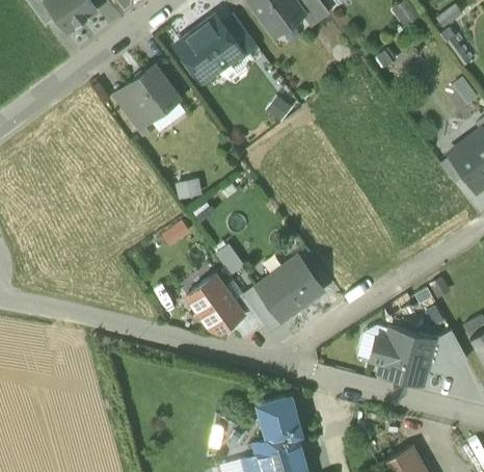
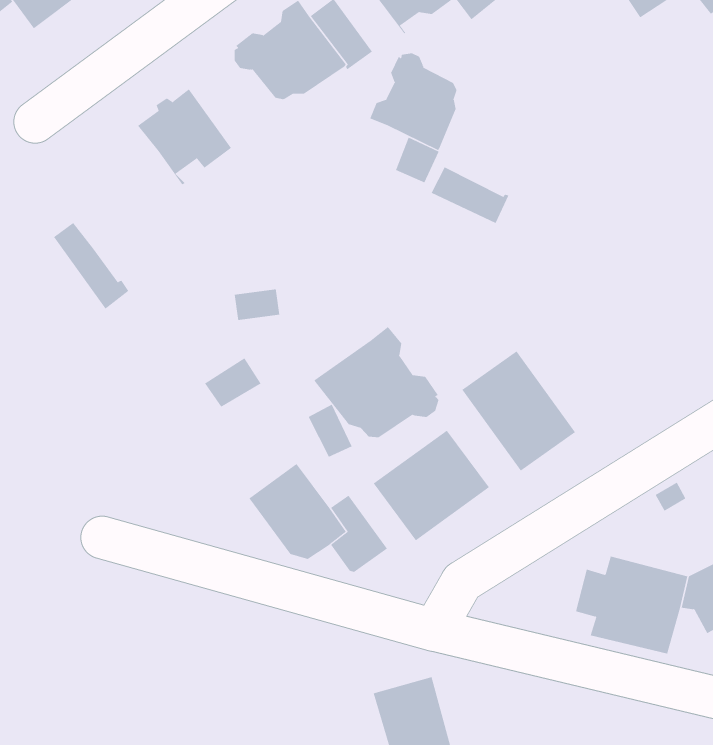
building: none -> [370,52,457,151]
building: [113,87,156,136] -> [53,222,129,309]
building: none -> [431,166,509,224]
building: none -> [314,326,439,438]
building: none -> [461,351,576,471]

